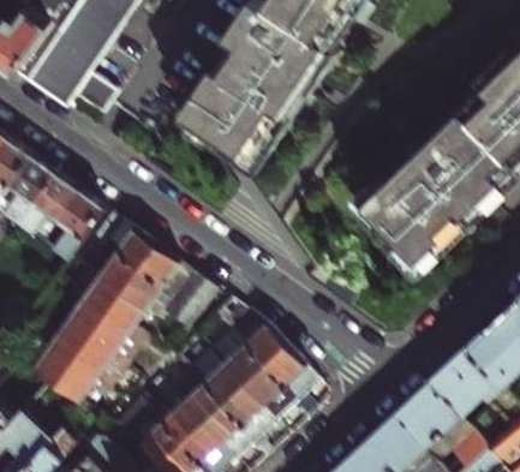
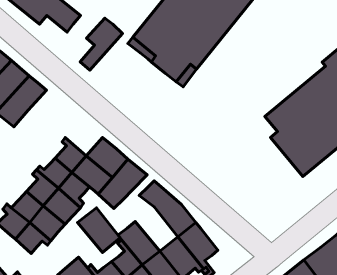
building: [50,190,102,258] -> [80,18,122,70]
building: [90,213,155,270] -> none
building: [205,329,262,386] -> [78,208,120,252]

